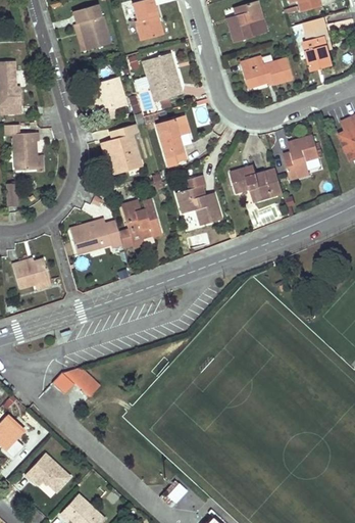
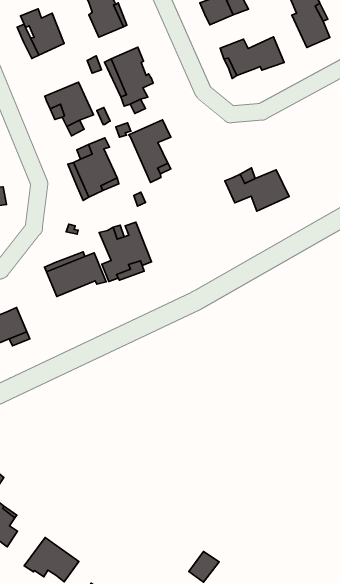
building: [284,136,319,179] -> none
building: [176,176,221,225] -> none
building: [50,370,98,400] -> none

